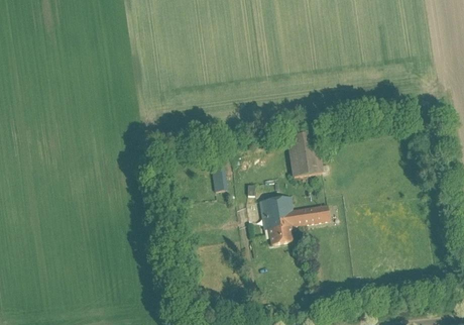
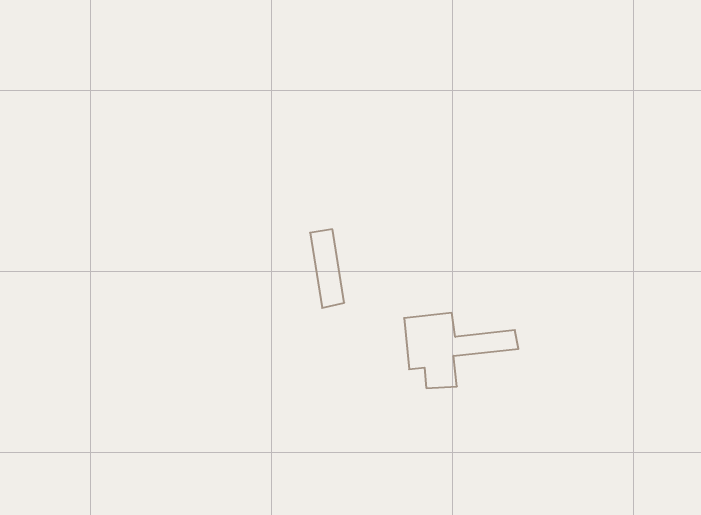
building: [285,131,316,177] -> none

